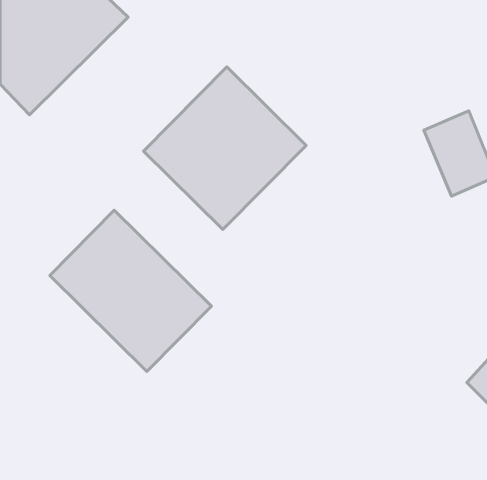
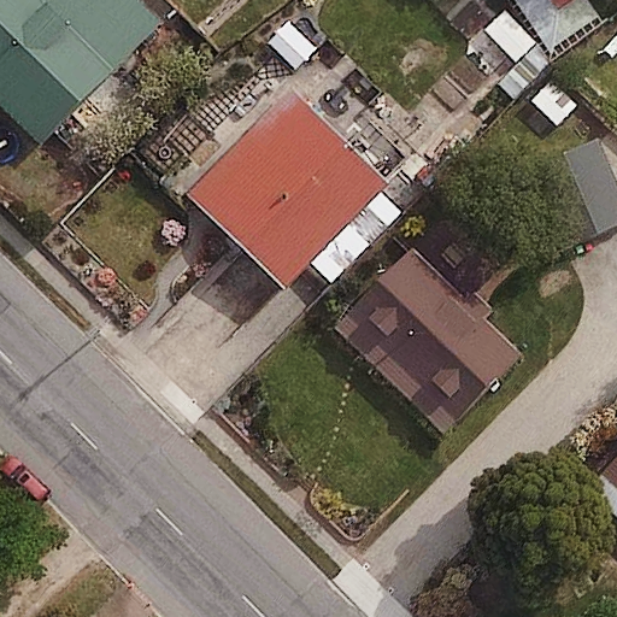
building: none -> [337,247,522,429]
building: [50,210,211,371] -> none

